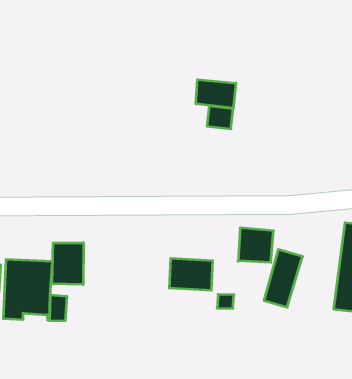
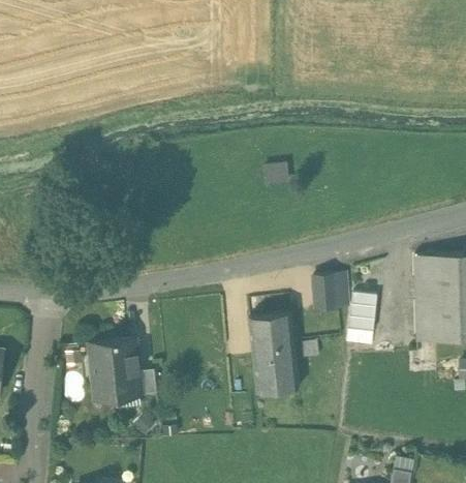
building: [196,80,236,109] -> none
building: [51,243,83,285] -> none
building: none -> [253,342,299,394]

